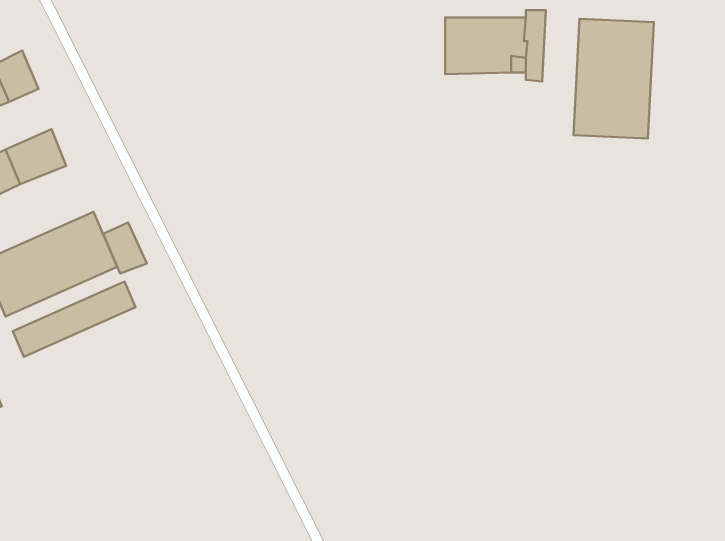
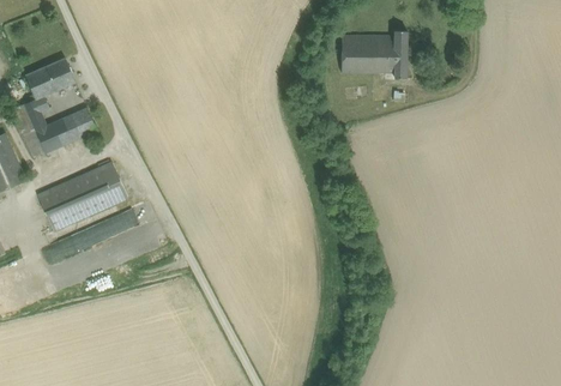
building: [574,19,654,139] -> none
building: [103,223,147,273] -> none

